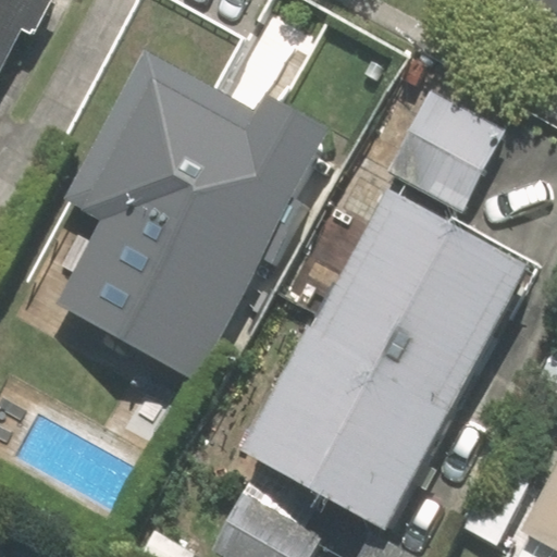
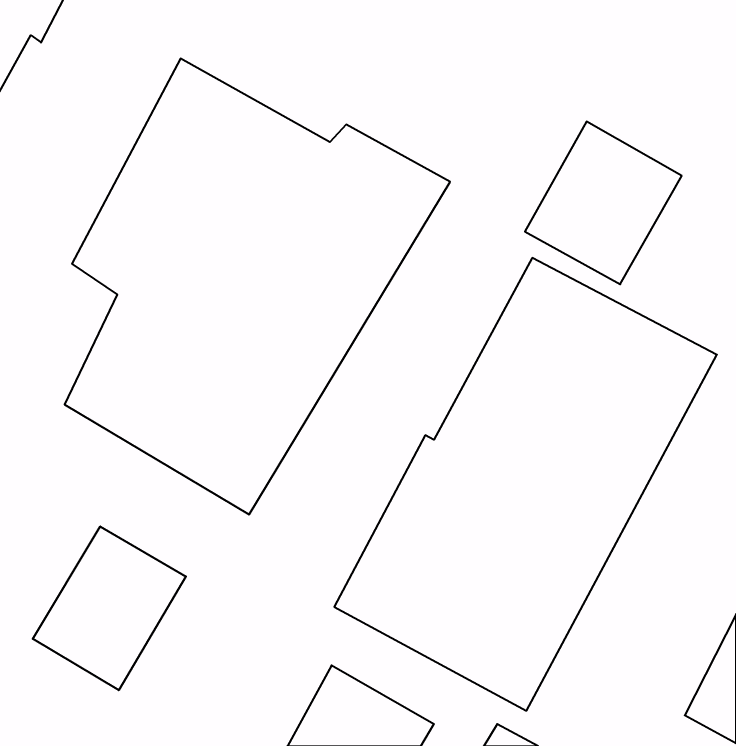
building: none -> [33,526,186,690]

